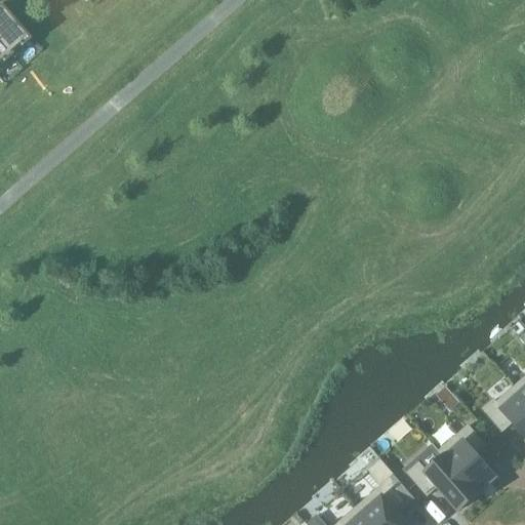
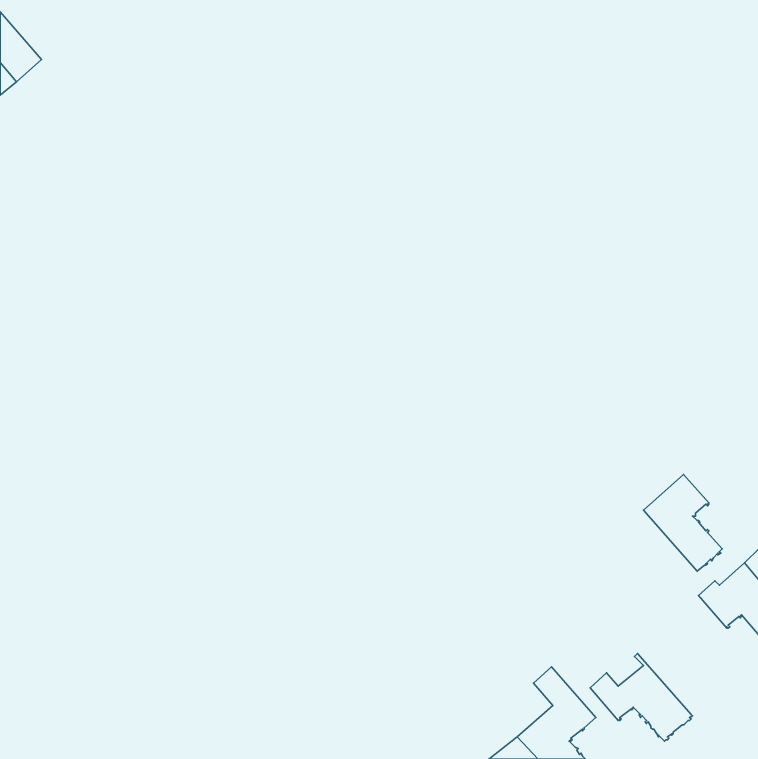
building: [441,427,495,493] -> [644,475,722,571]

